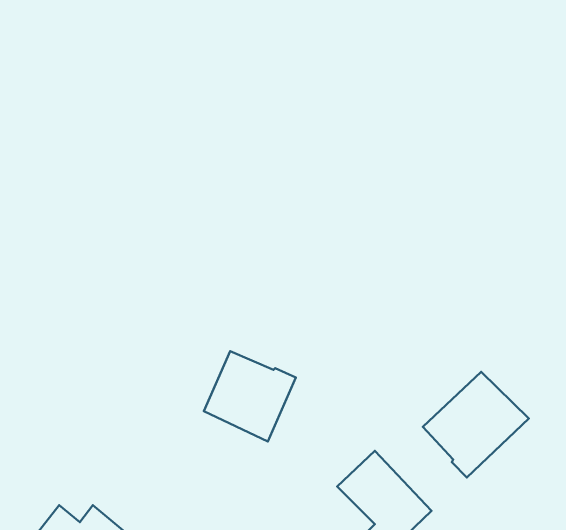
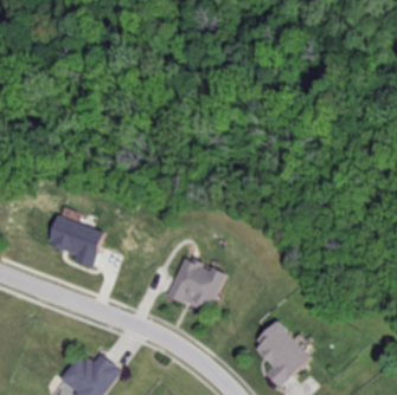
building: none -> [49,215,104,268]
building: [423,372,529,477] -> none

